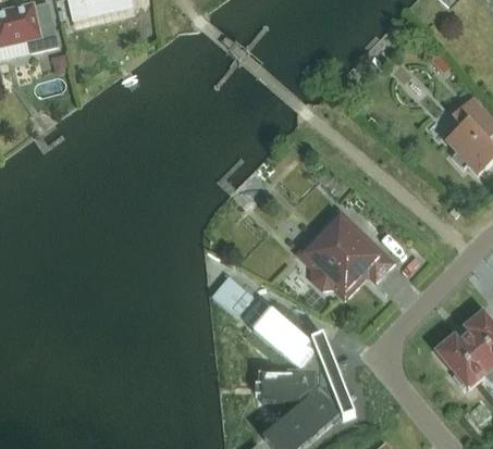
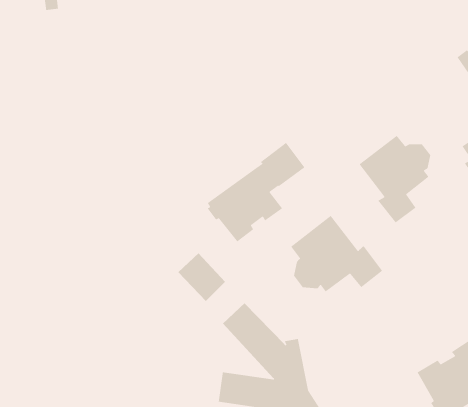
building: none -> [358,135,431,223]
building: none -> [207,142,305,243]

